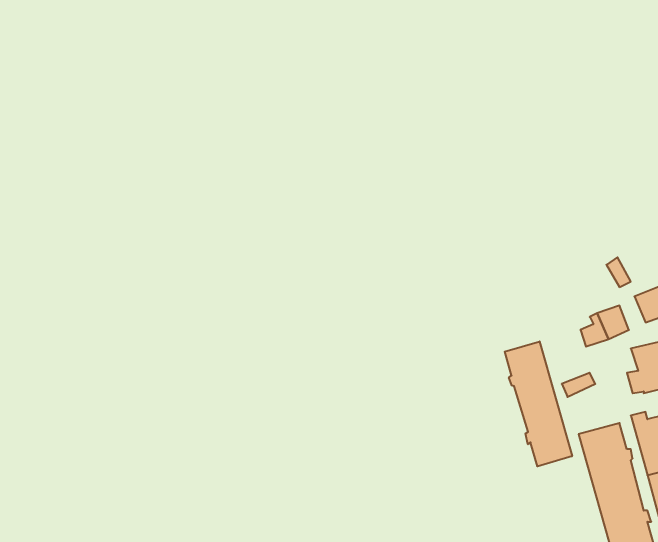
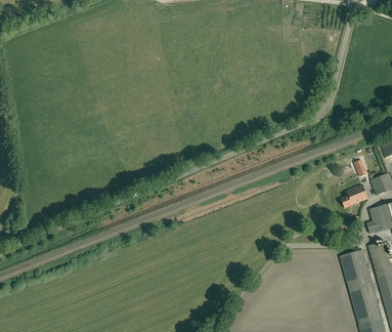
building: [505,341,572,466] -> none

